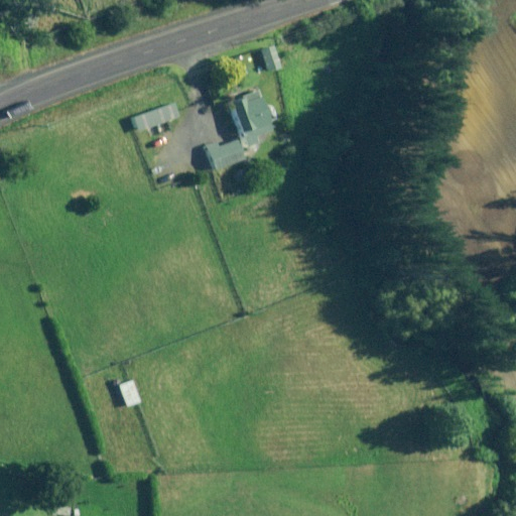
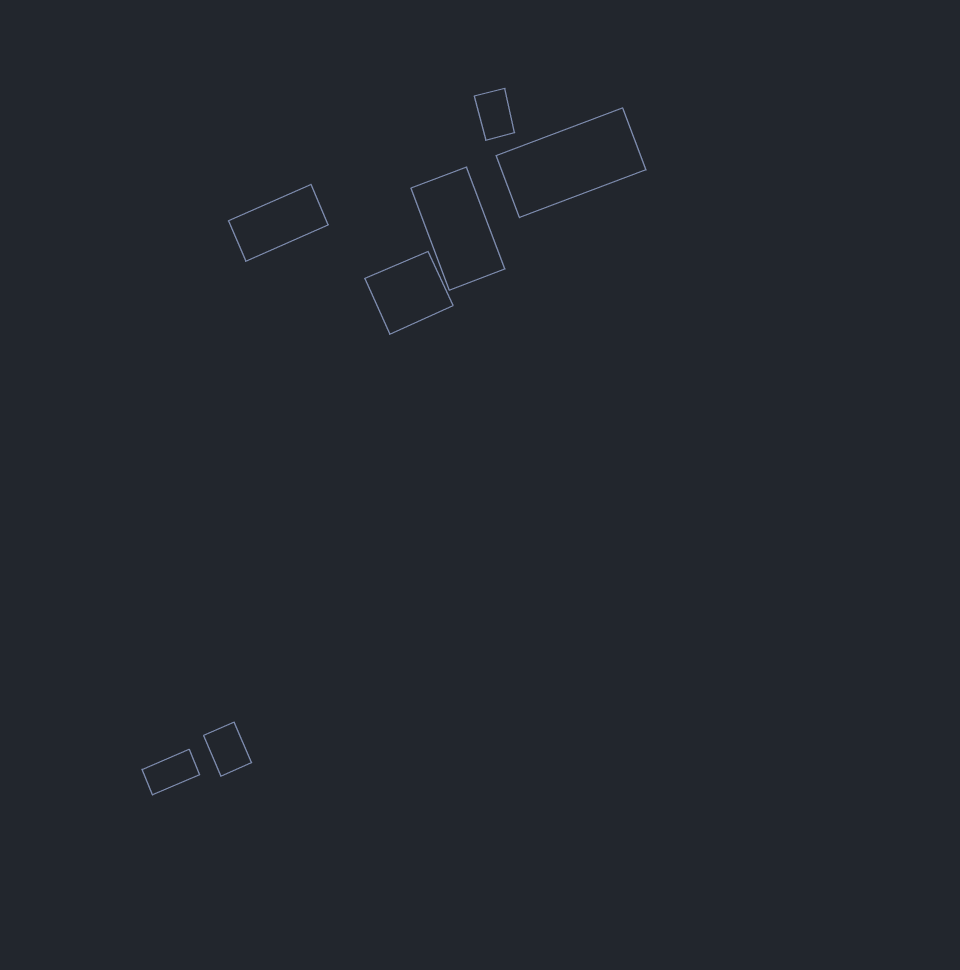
building: none -> [496,108,646,218]
building: none -> [142,749,200,795]

